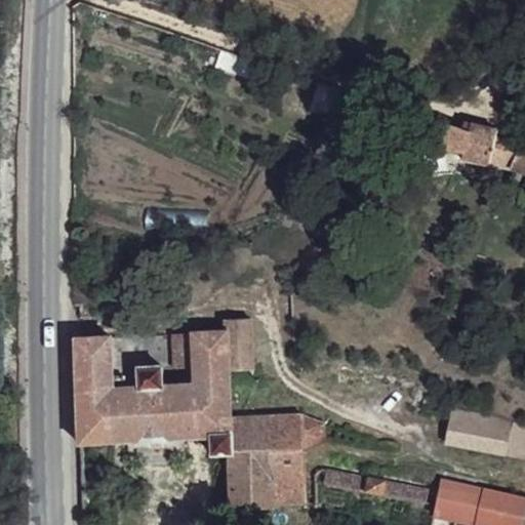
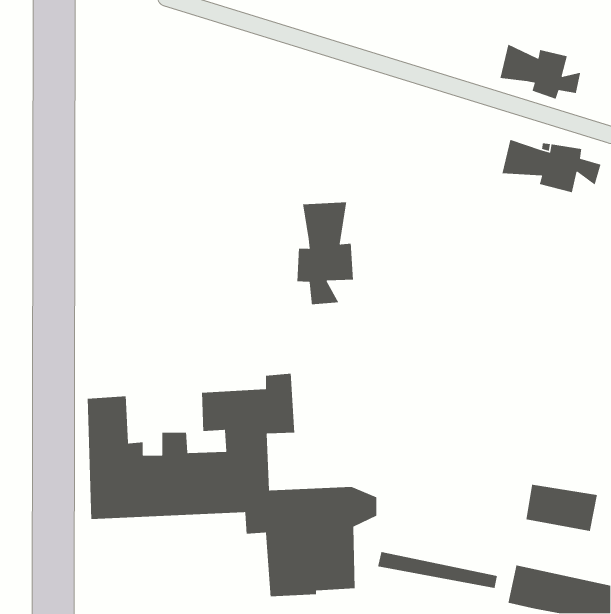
building: none -> [500,44,581,100]
building: none -> [296,201,354,305]

